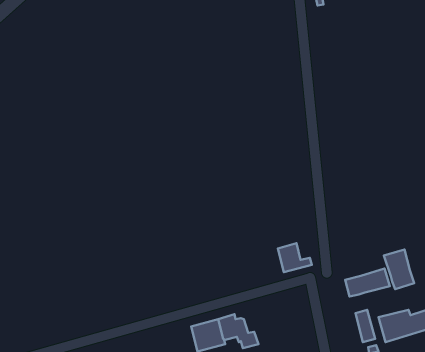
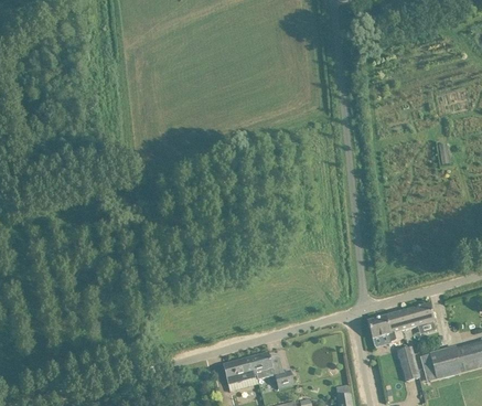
building: [278,243,312,272] -> [367,314,404,345]
building: [384,250,414,289] -> none

